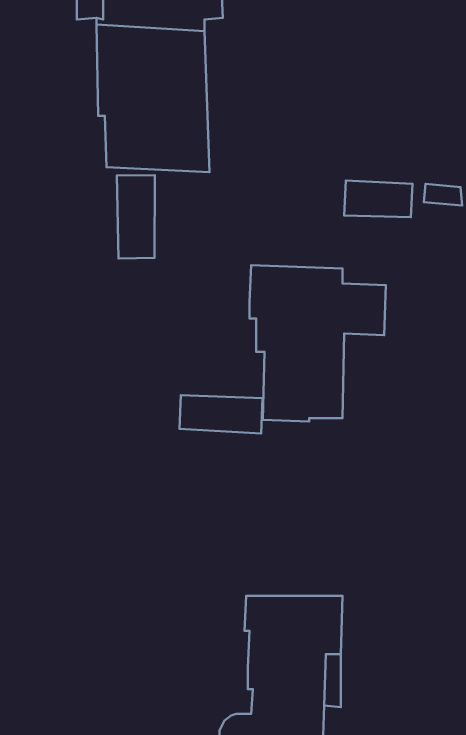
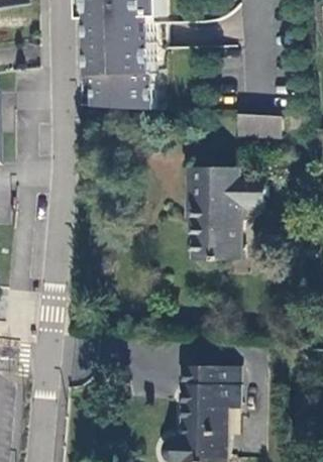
building: [117,175,155,259] -> none
building: [180,395,263,433] -> none

